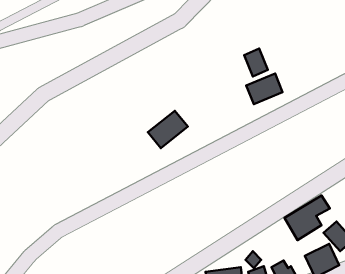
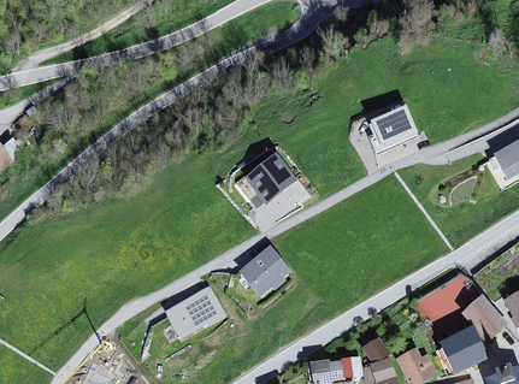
building: [244,49,268,76] -> none
building: none -> [241,249,285,294]
building: none -> [165,288,220,335]

